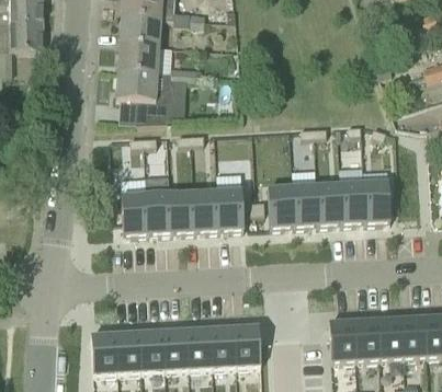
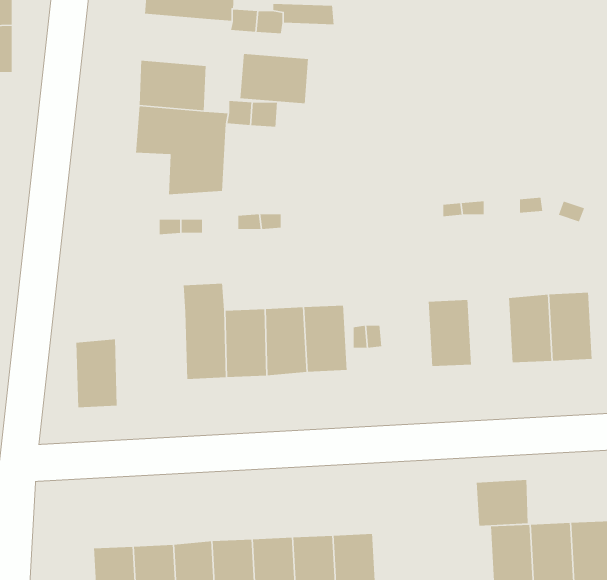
building: [118,14,160,45] -> [239,53,309,104]
building: [315,184,341,224] -> none
building: [267,186,293,227] -> none
building: [121,193,146,234] -> [76,339,118,408]
building: none -> [476,479,528,527]

